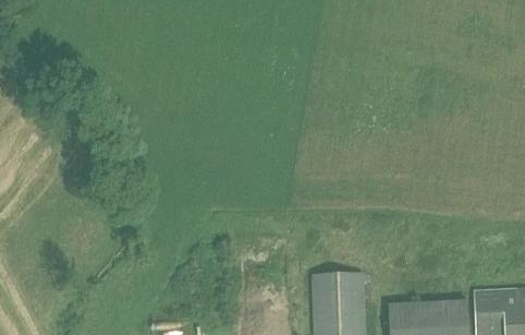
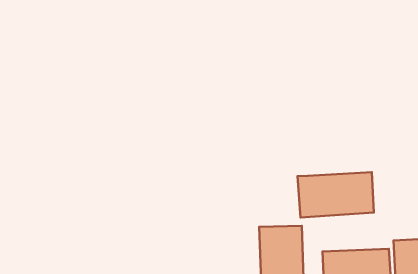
building: none -> [298,172,374,217]

